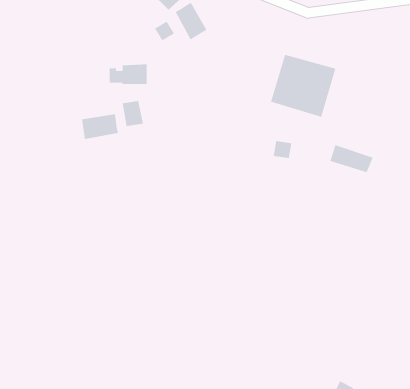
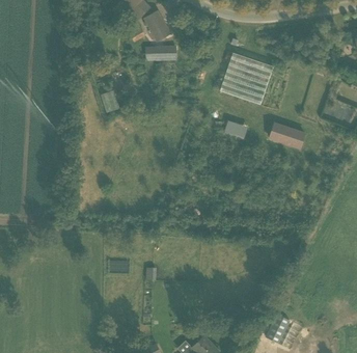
building: [109,64,148,85] -> [145,44,176,60]
building: [82,113,119,140] -> none

